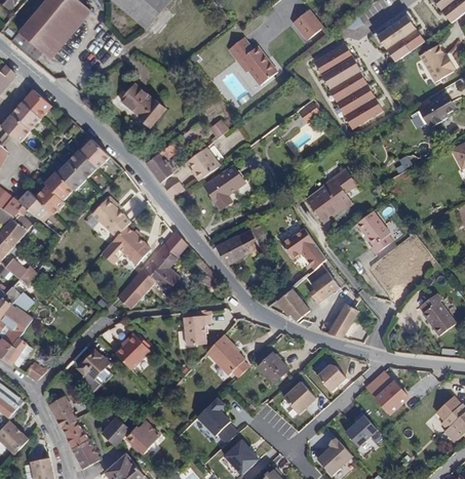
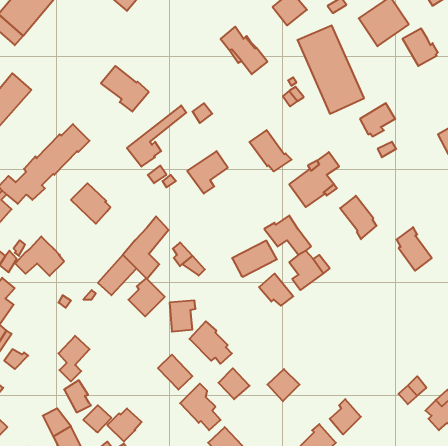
building: [420,93,455,126] -> [360,103,395,136]
building: none -> [249,130,292,171]
building: [187,147,220,179] -> none
building: [101,226,149,265] -> [15,236,64,276]
building: [217,229,261,265] -> [232,241,277,277]
building: [421,292,456,335] -> [396,227,432,271]
building: [327,304,359,337] -> none
building: [115,329,151,367] -> [128,278,165,316]
building: [259,352,289,383] -> [218,368,250,399]
building: [317,364,346,391] -> none
building: none -> [158,355,192,390]
building: [366,371,410,413] -> none
building: [50,396,77,428] -> [64,380,91,412]

